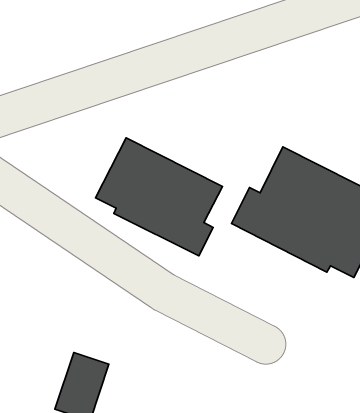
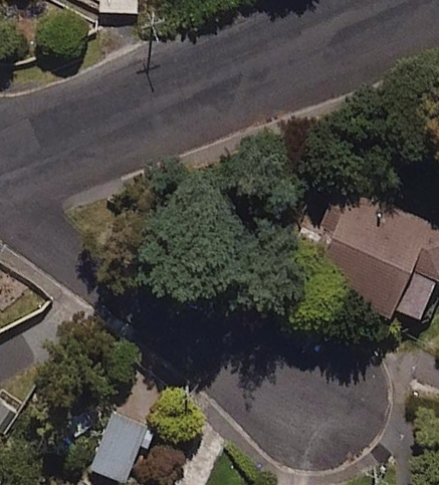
building: [96,138,223,256] -> none

